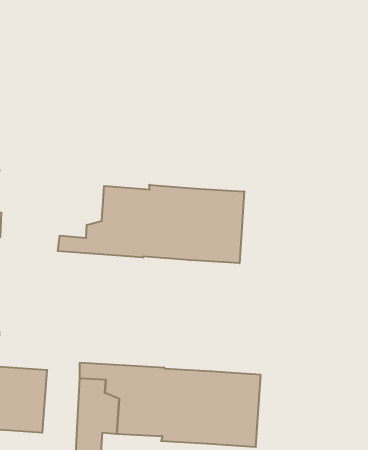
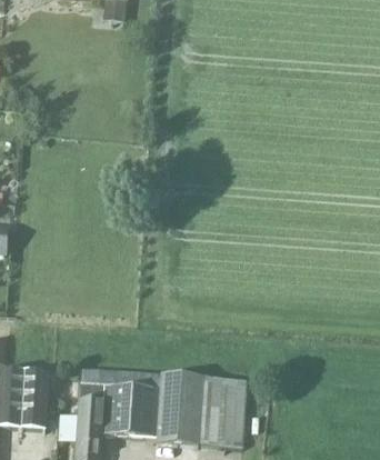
building: [58,185,244,263] -> none

